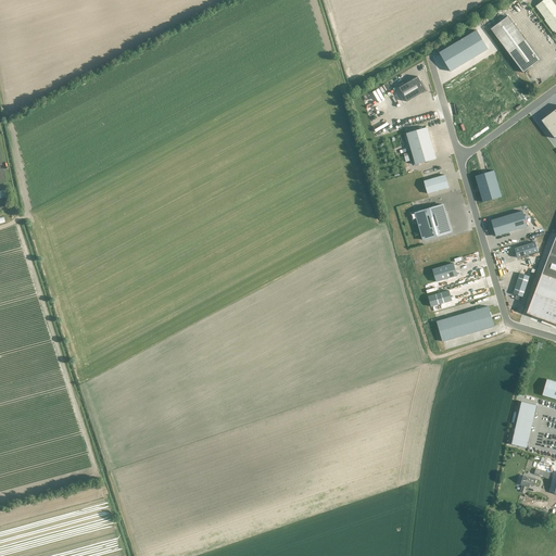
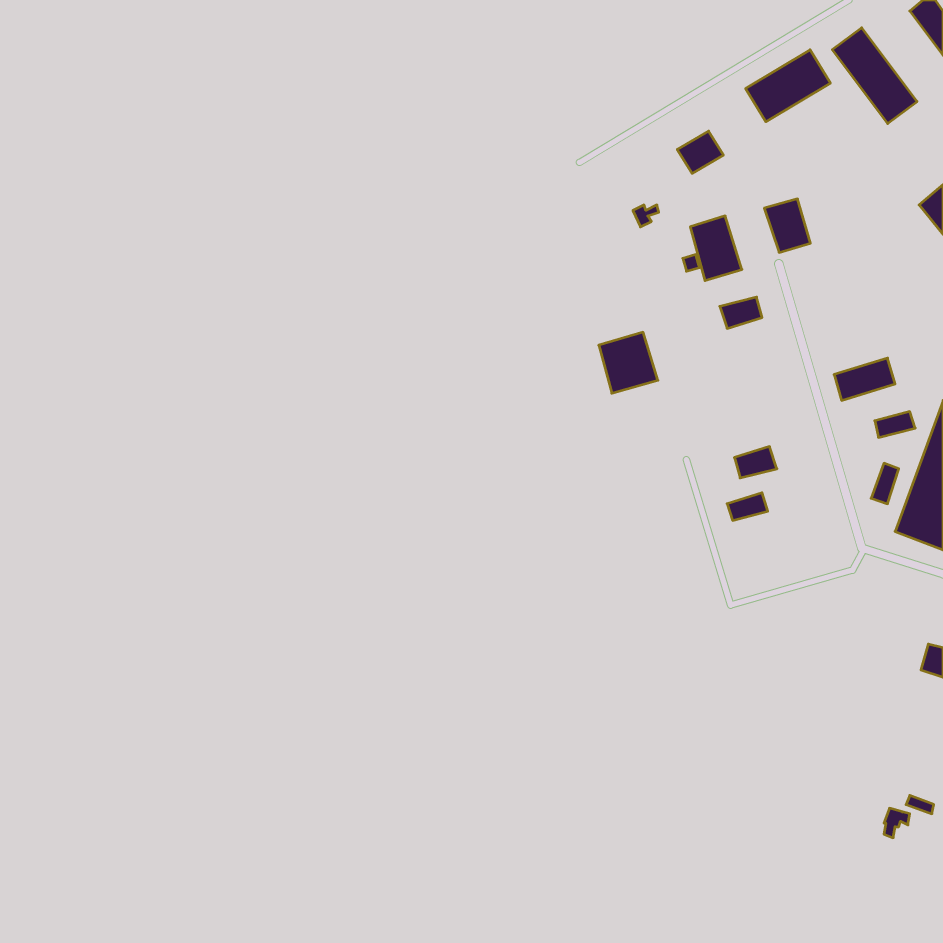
building: [475,170,502,202] -> [764,199,810,252]
building: [416,204,451,240] -> [599,332,658,393]
building: [437,306,494,341] -> none
building: [511,402,536,447] -> none

